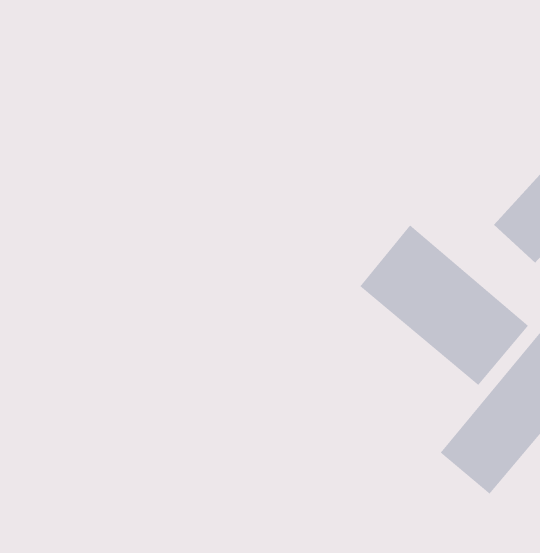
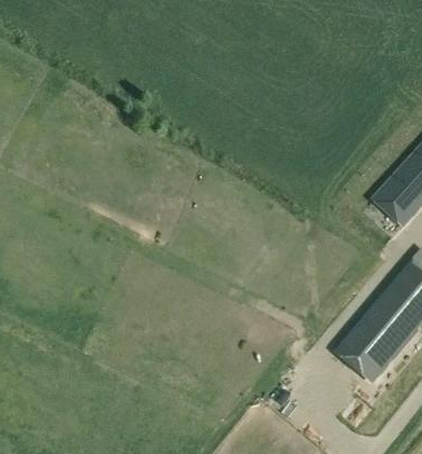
building: [360,225,529,386] -> none

